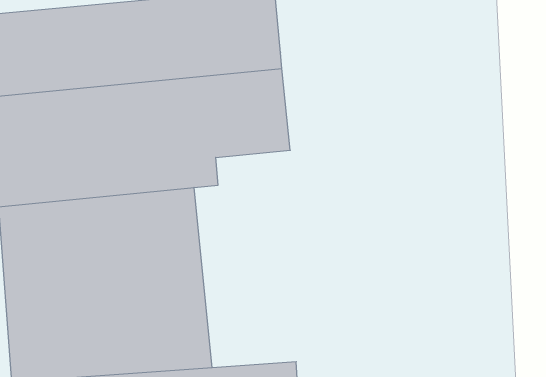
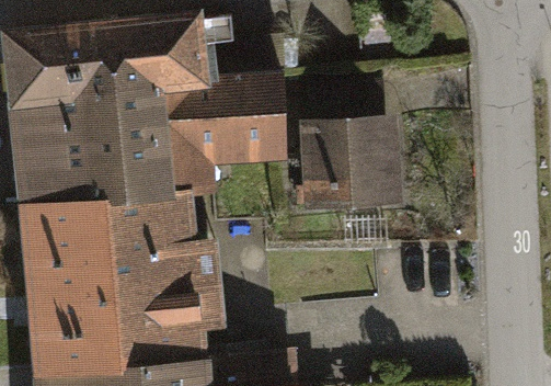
building: none -> [297,79,403,223]

